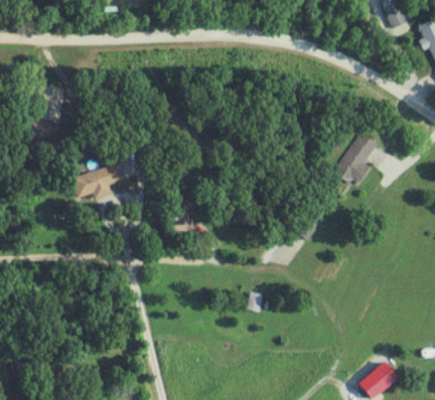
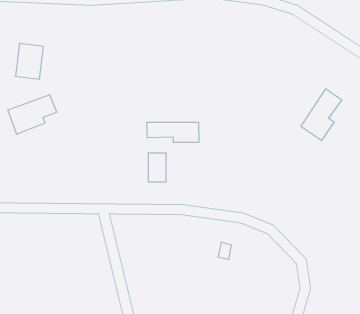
building: [71,162,123,203] -> [8,95,57,134]
building: none -> [147,122,199,143]

